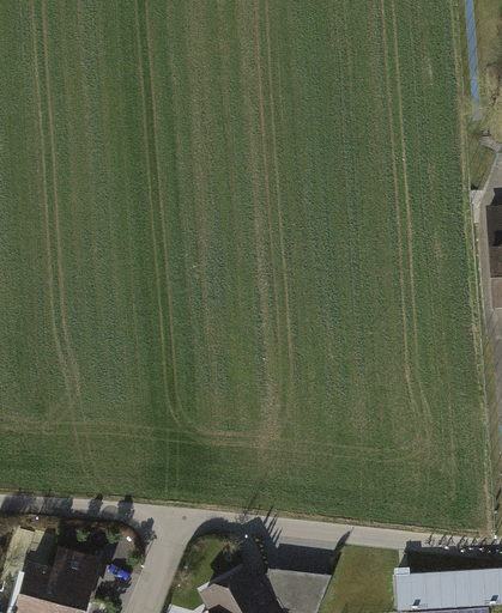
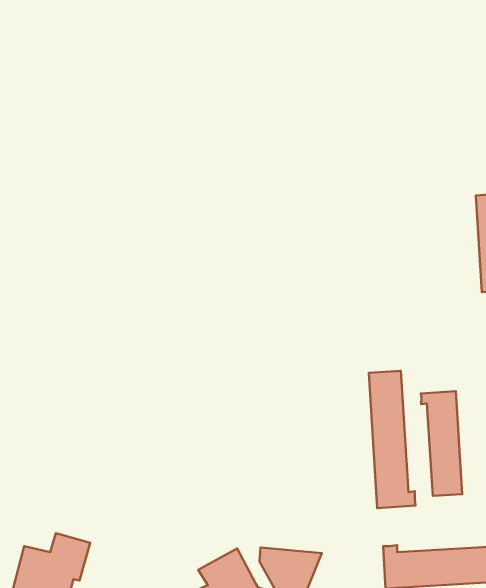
building: none -> [369,371,416,508]
building: none -> [421,391,462,496]

